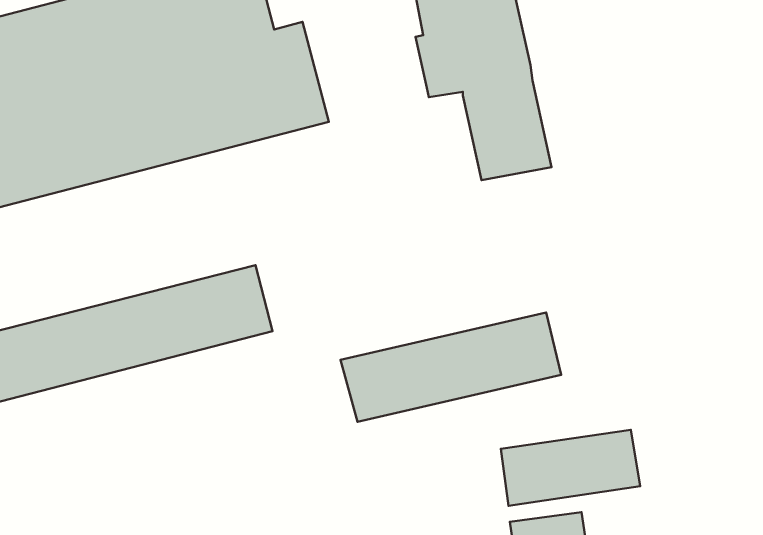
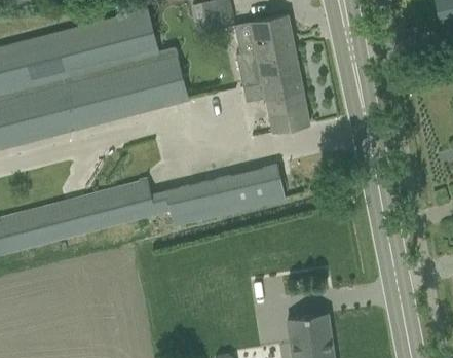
building: [341,313,561,422] -> [165,166,286,225]
building: [501,430,640,506] -> none

